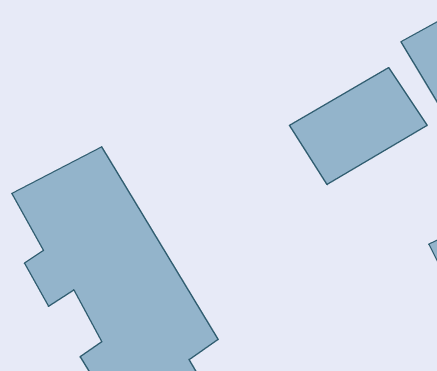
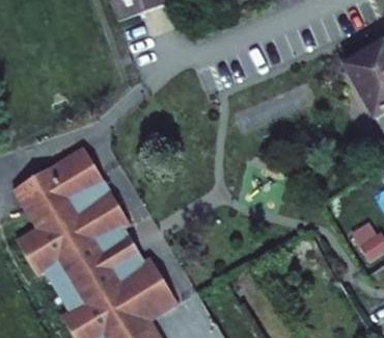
building: [289,68,427,185] -> none

